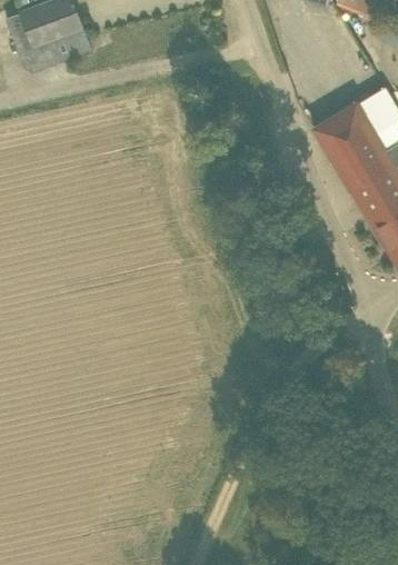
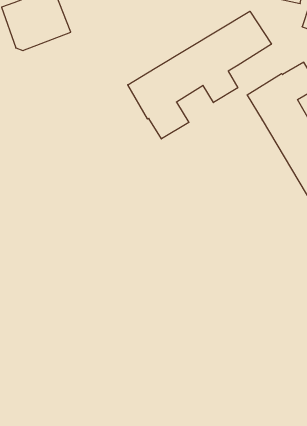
building: none -> [128,11,271,139]

